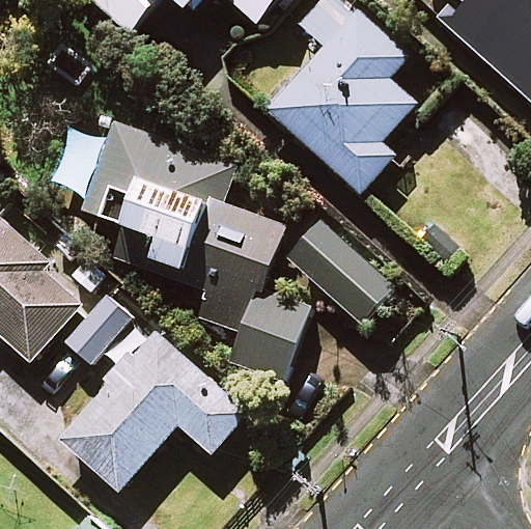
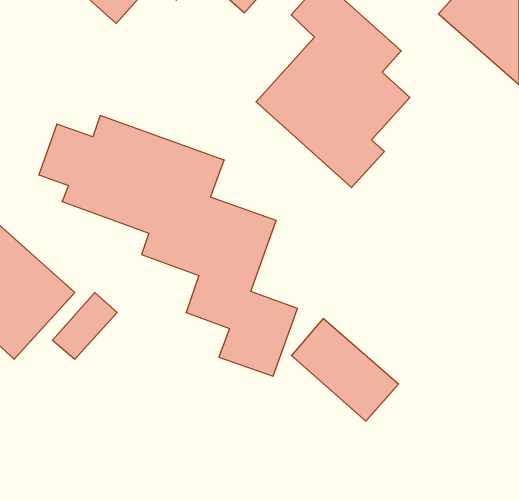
building: [287,221,392,322] -> [291,318,399,421]
building: [57,330,246,490] -> none

